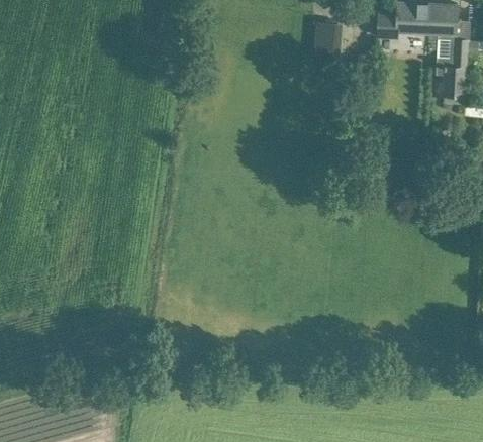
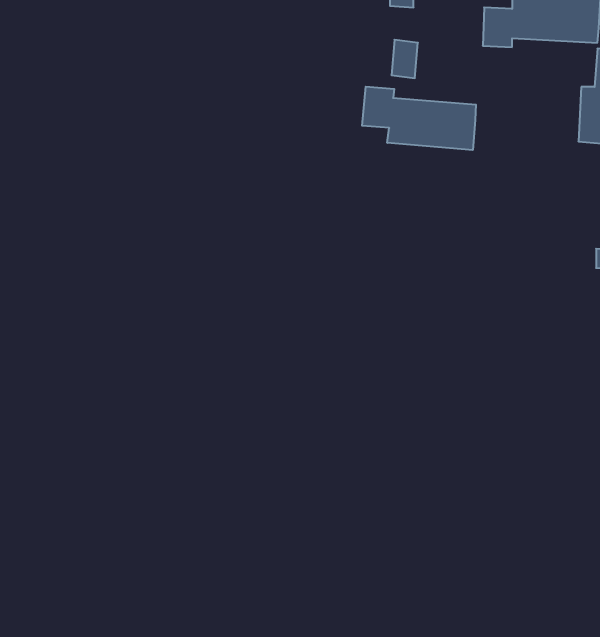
building: none -> [362,87,476,150]

